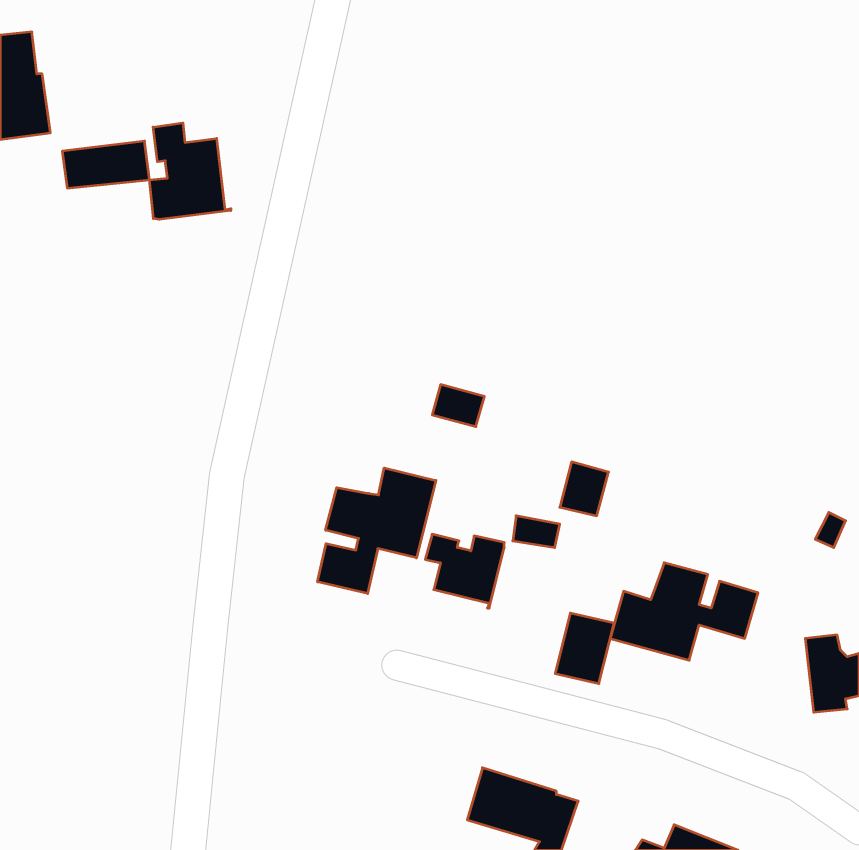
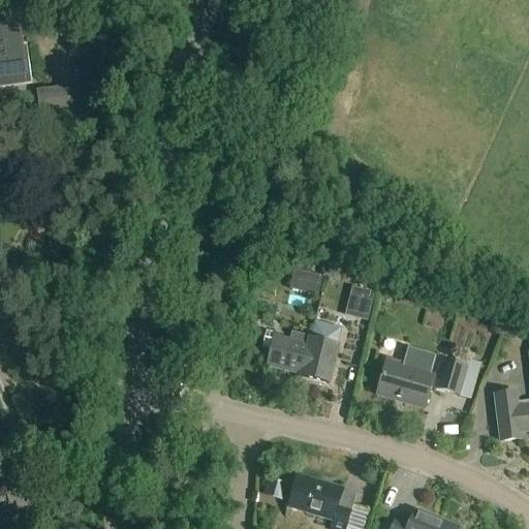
building: [150,123,231,219] -> none
building: [432,385,484,427] -> [293,264,325,290]
building: [318,468,436,594] -> none
building: [555,613,614,684] -> [301,337,337,380]

